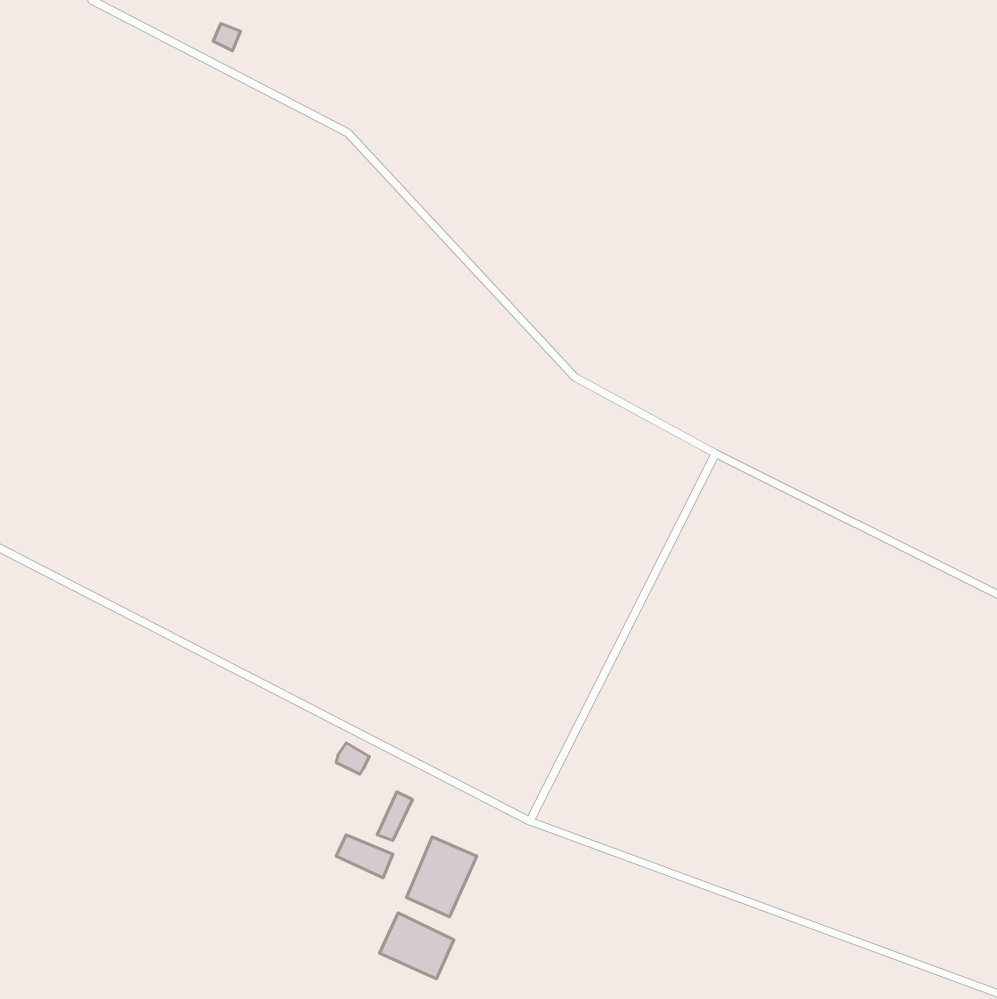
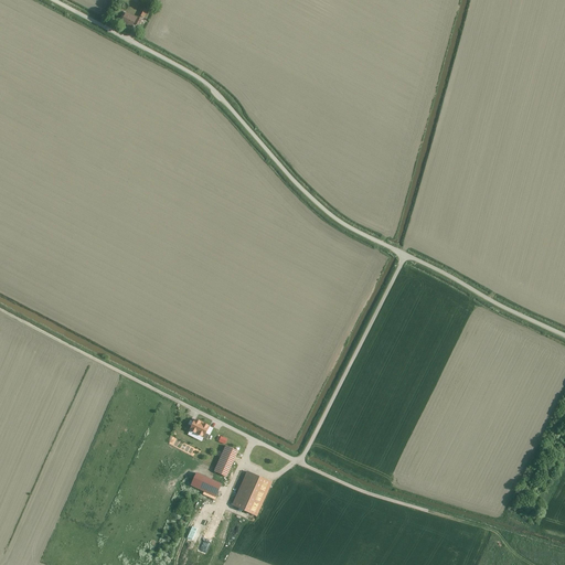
building: [379,913,454,979] -> none

